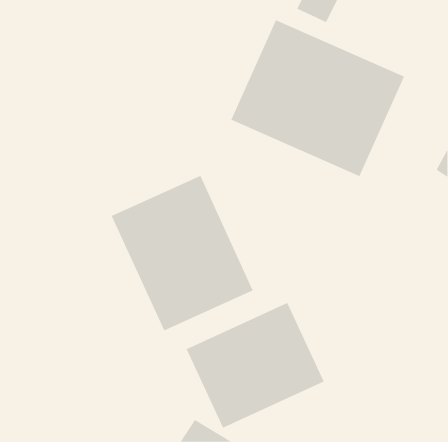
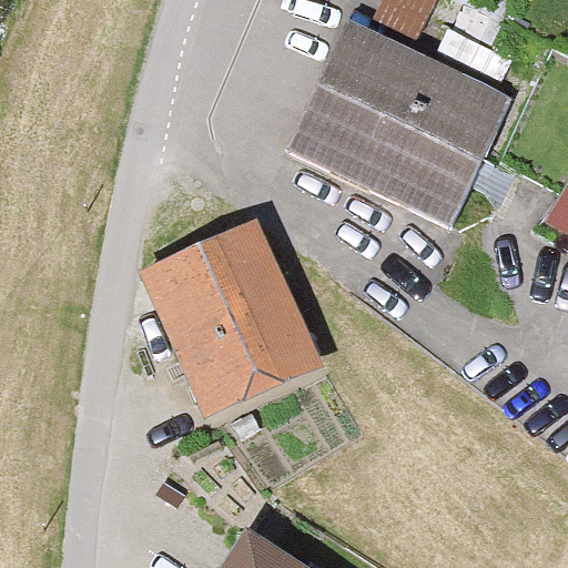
building: [186,302,325,429] -> none

